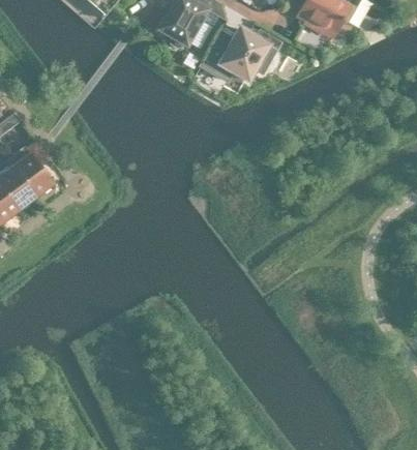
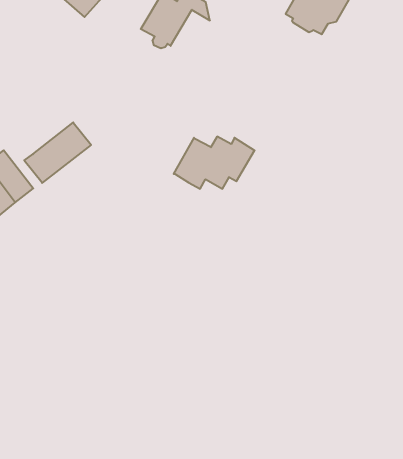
building: [201,30,279,81] -> [174,137,255,189]
building: none -> [24,122,91,183]

